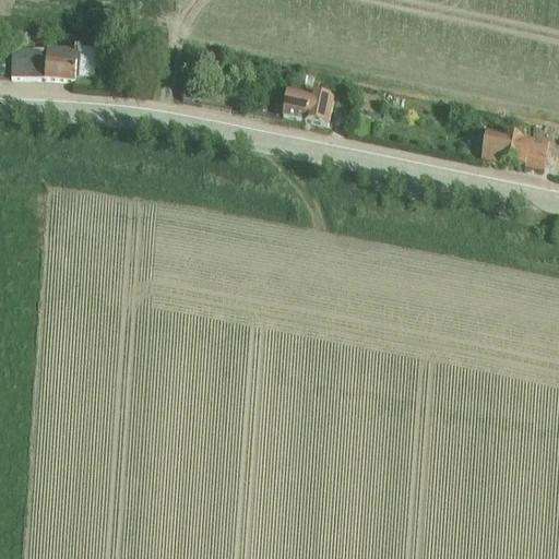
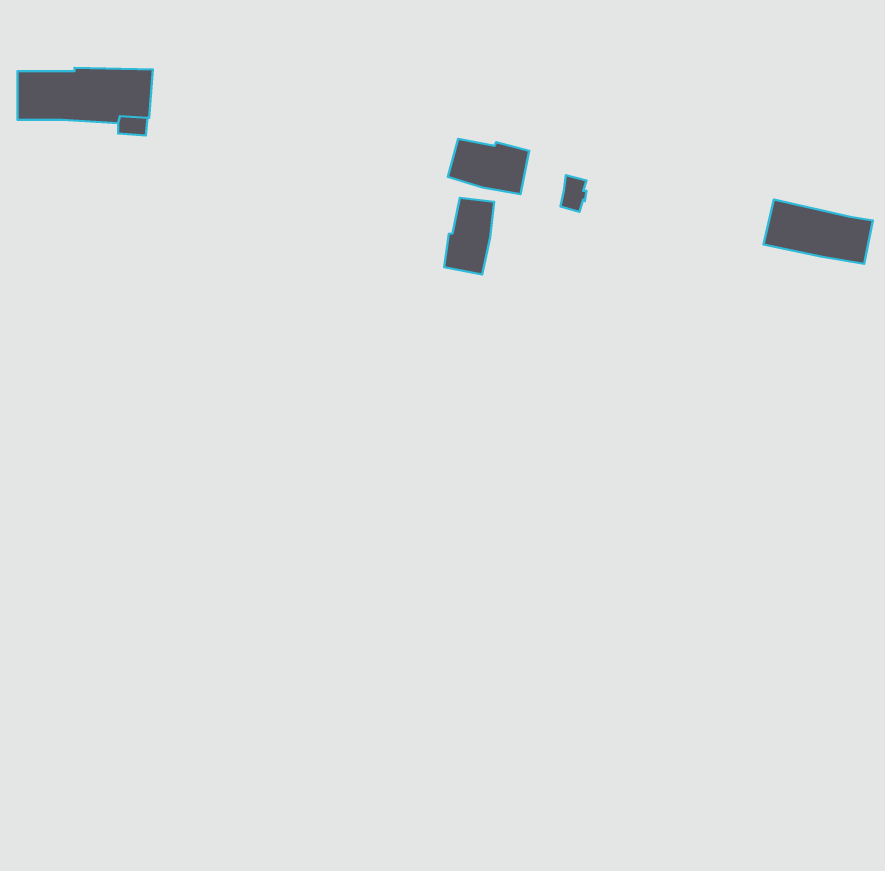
building: none -> [444,198,494,275]

